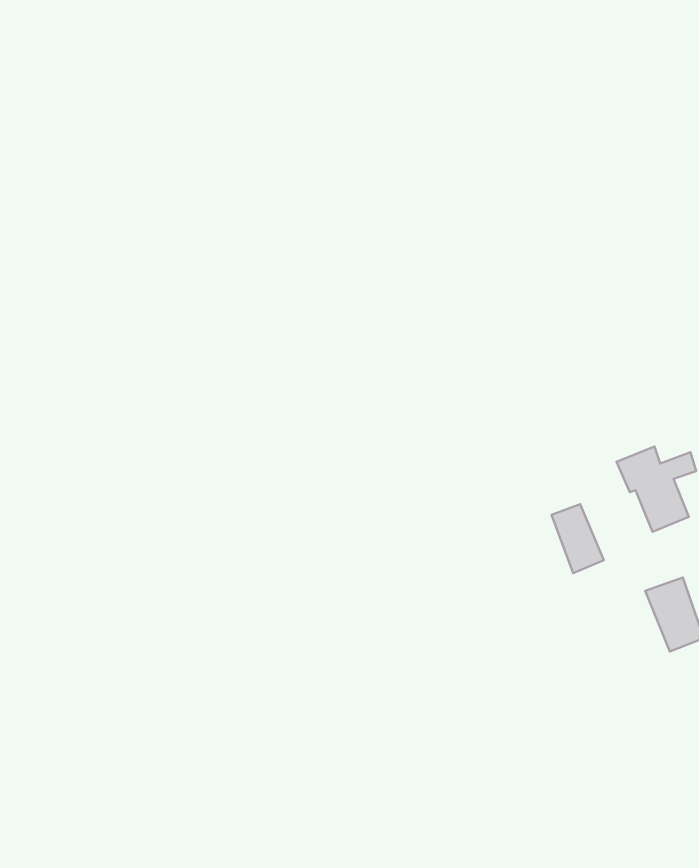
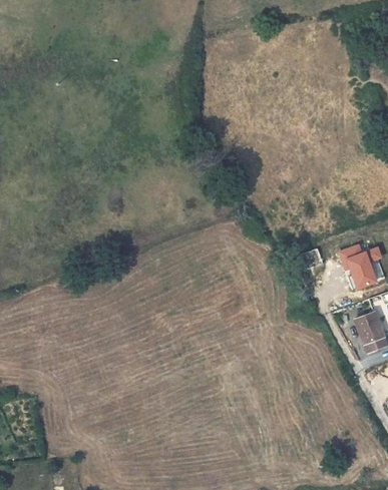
building: [552,504,604,573] -> none

